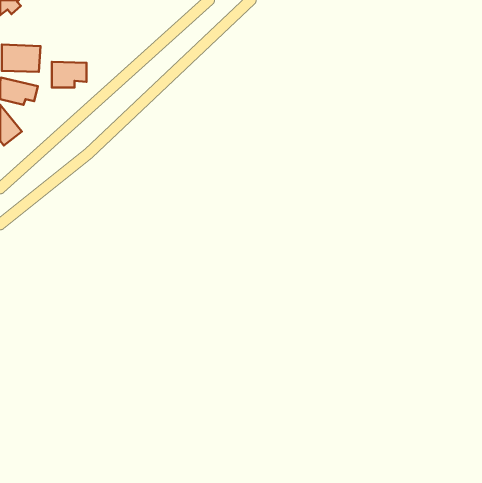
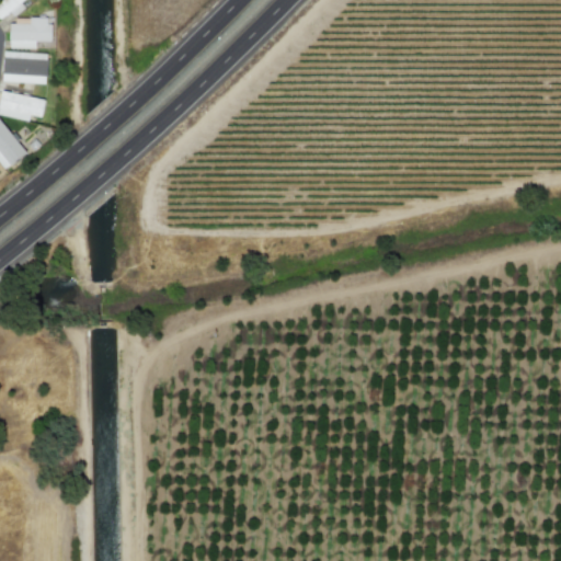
building: [52,62,87,88] -> [10,19,50,48]

